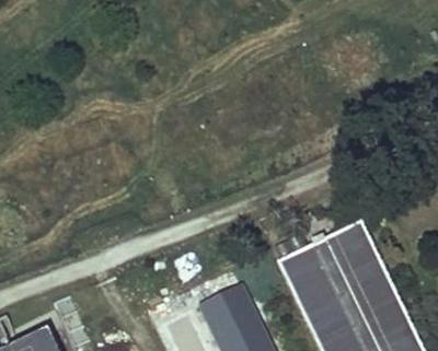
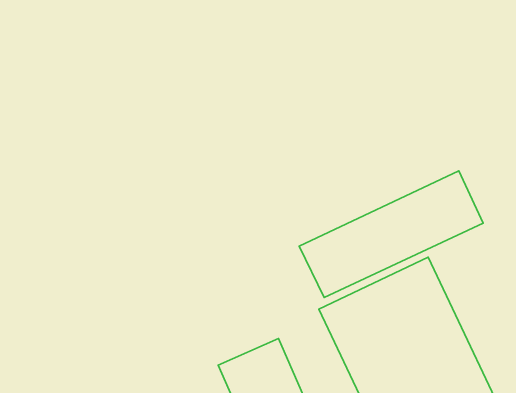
building: none -> [299,171,483,298]

